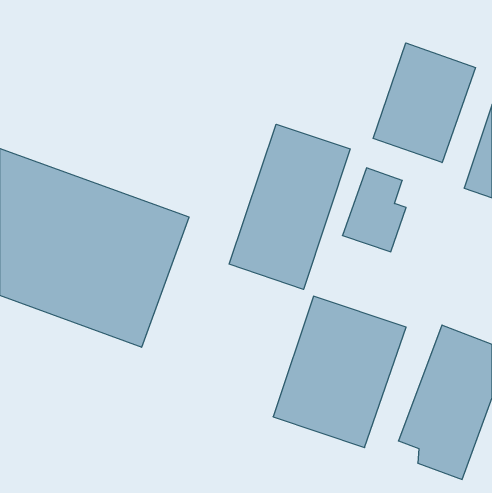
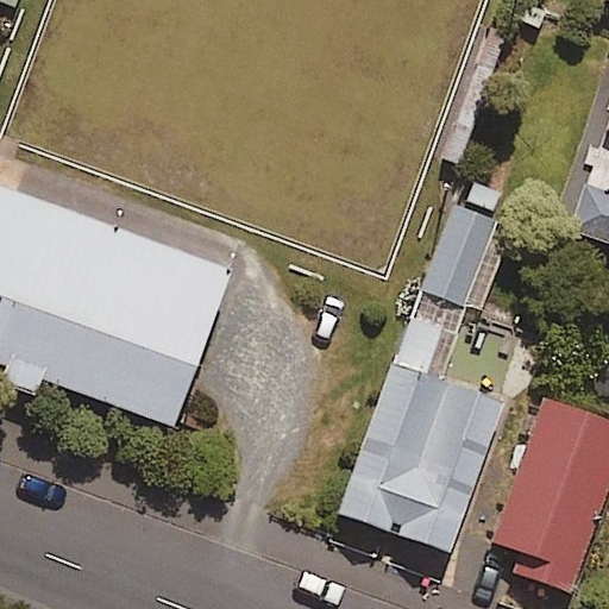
building: [373,43,476,163] -> none
building: [229,124,350,289] -> none

